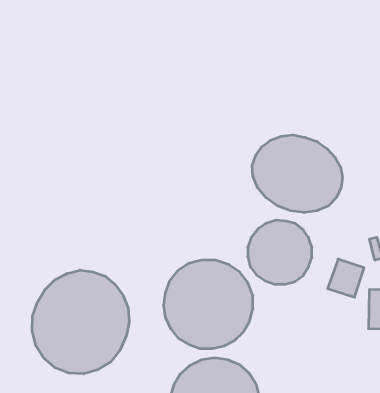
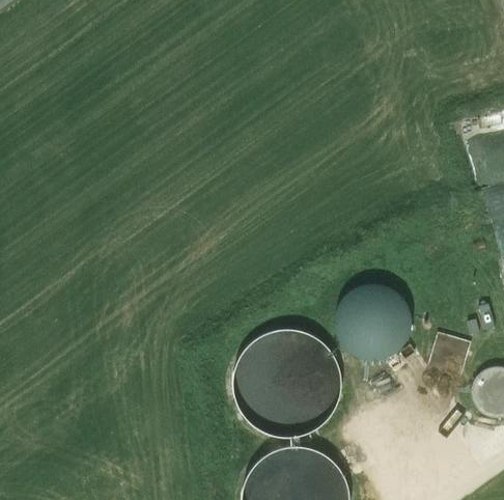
building: [252,135,343,213] -> none
building: [32,270,129,374] -> none

